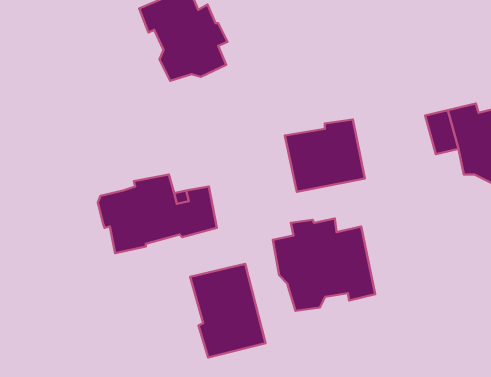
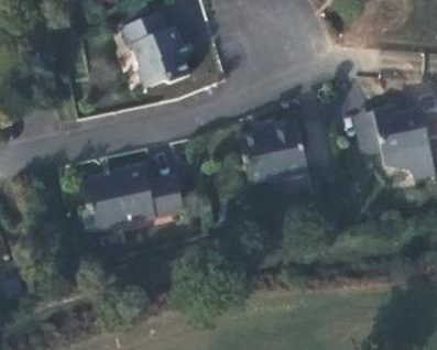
building: [273,218,375,311] -> none
building: [190,264,265,358] -> none

